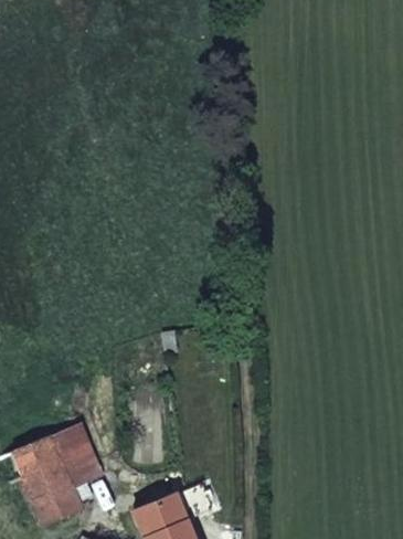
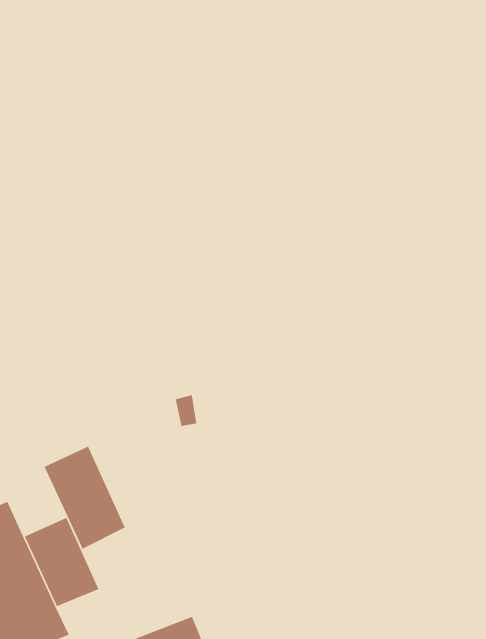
building: none -> [43,446,126,550]

